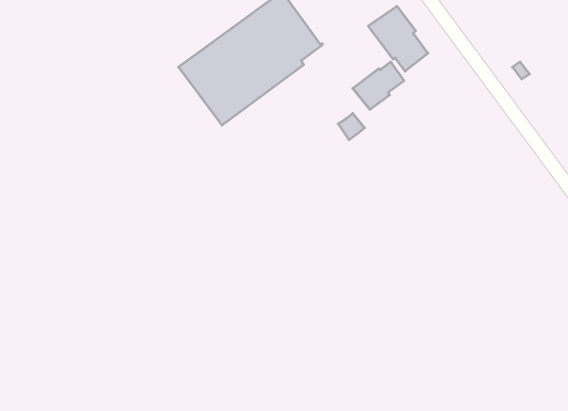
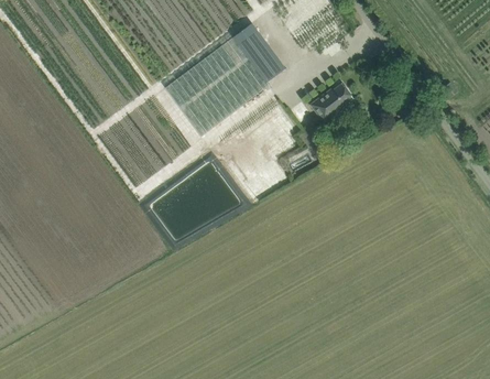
building: [368,6,428,71] -> none

